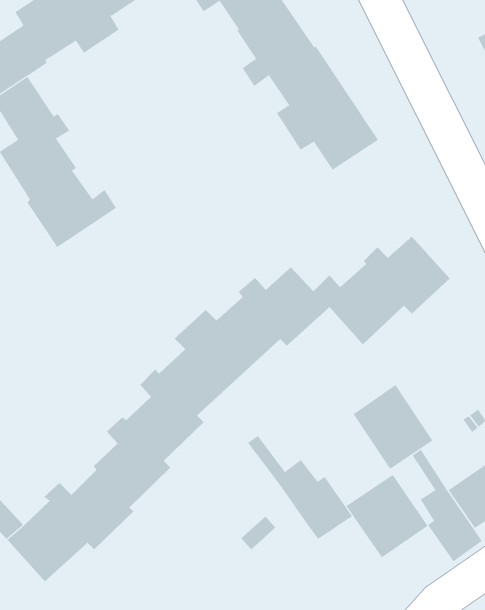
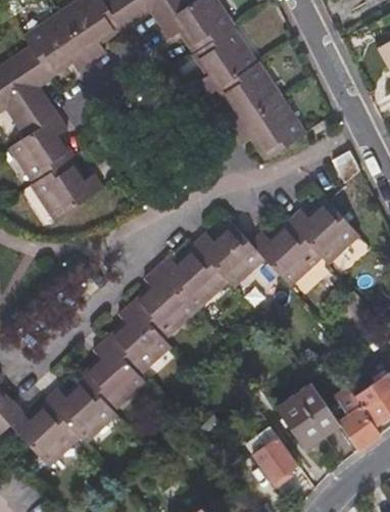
building: [353,384,433,469] -> none
building: [247,435,353,540] -> none
building: none -> [251,437,296,482]

